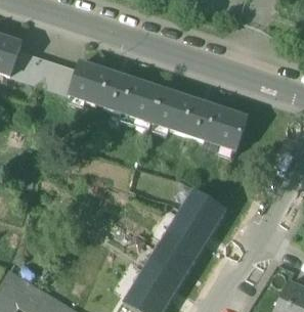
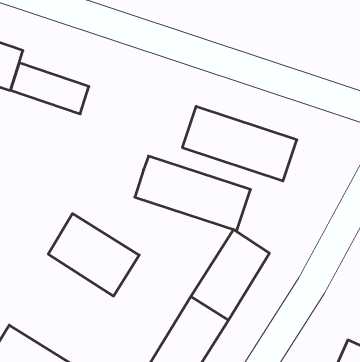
building: [69,61,164,123] -> [135,156,251,231]
building: none -> [48,214,139,296]

